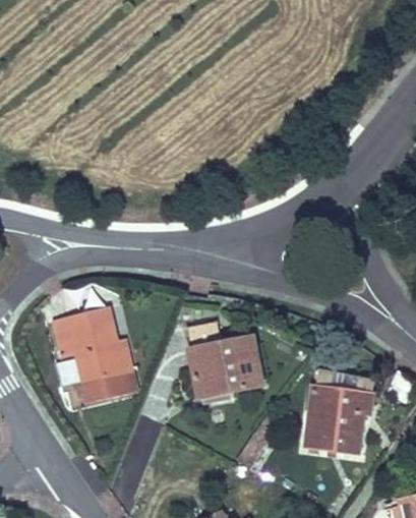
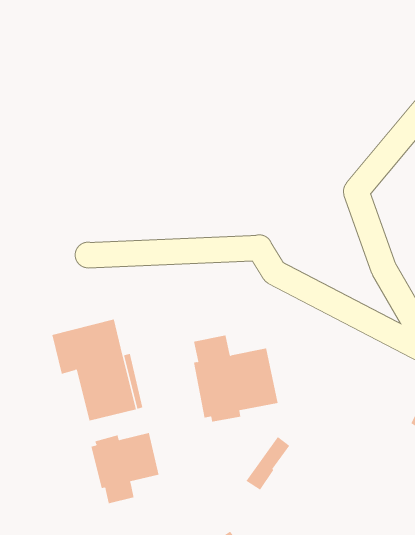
building: [302,369,375,458] -> none
building: none -> [91,432,159,504]

